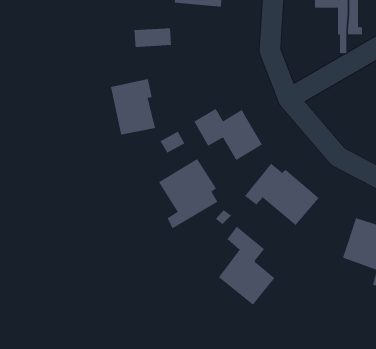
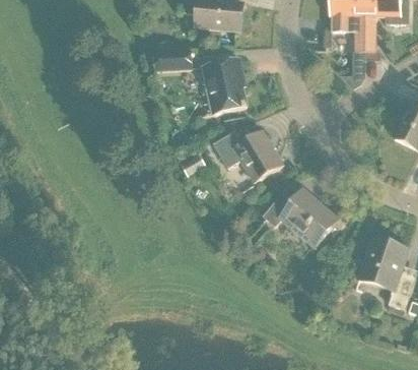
building: [110,79,156,135] -> [203,58,248,114]
building: [158,158,218,229] -> none
building: [218,226,275,305] -> none

